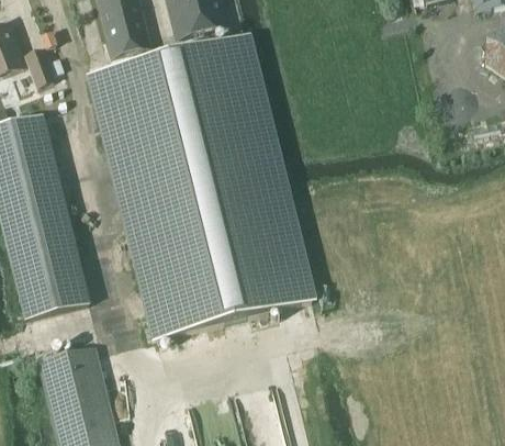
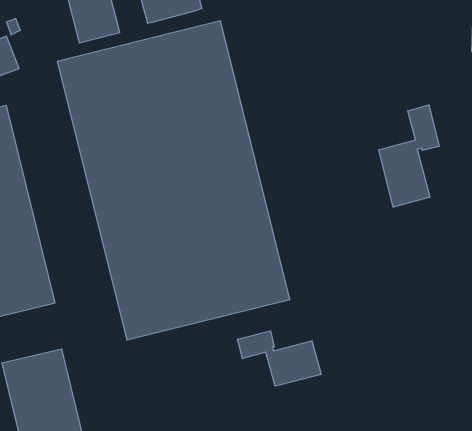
building: none -> [379,105,439,207]
building: none -> [237,331,321,386]

